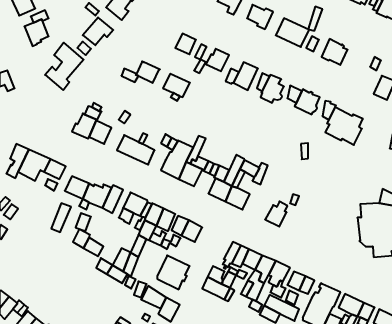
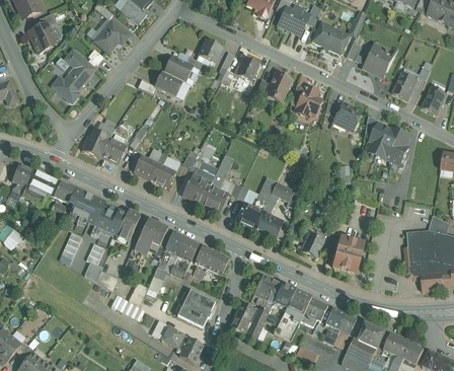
building: none -> [393,72,418,99]
building: [163,74,190,97] -> [163,55,194,81]
building: none -> [332,236,364,272]

